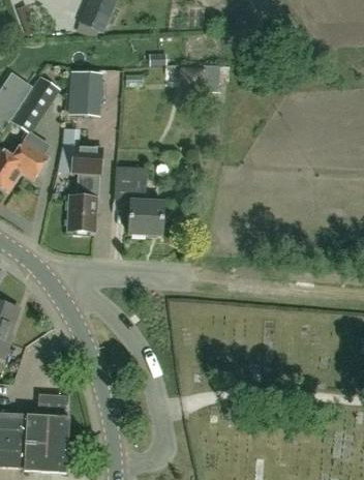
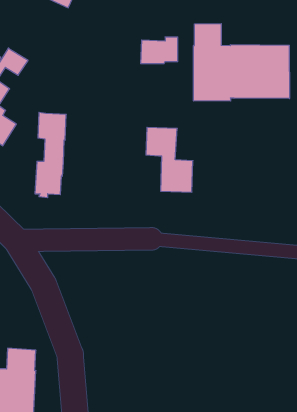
building: none -> [194,24,289,101]
building: [69,70,101,114] -> none
building: [114,166,163,234] -> [146,127,193,192]

